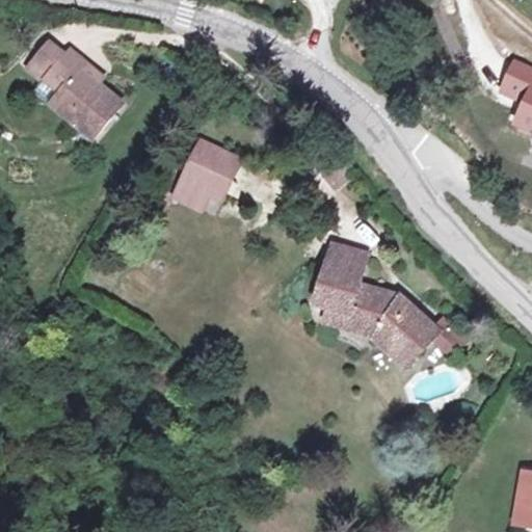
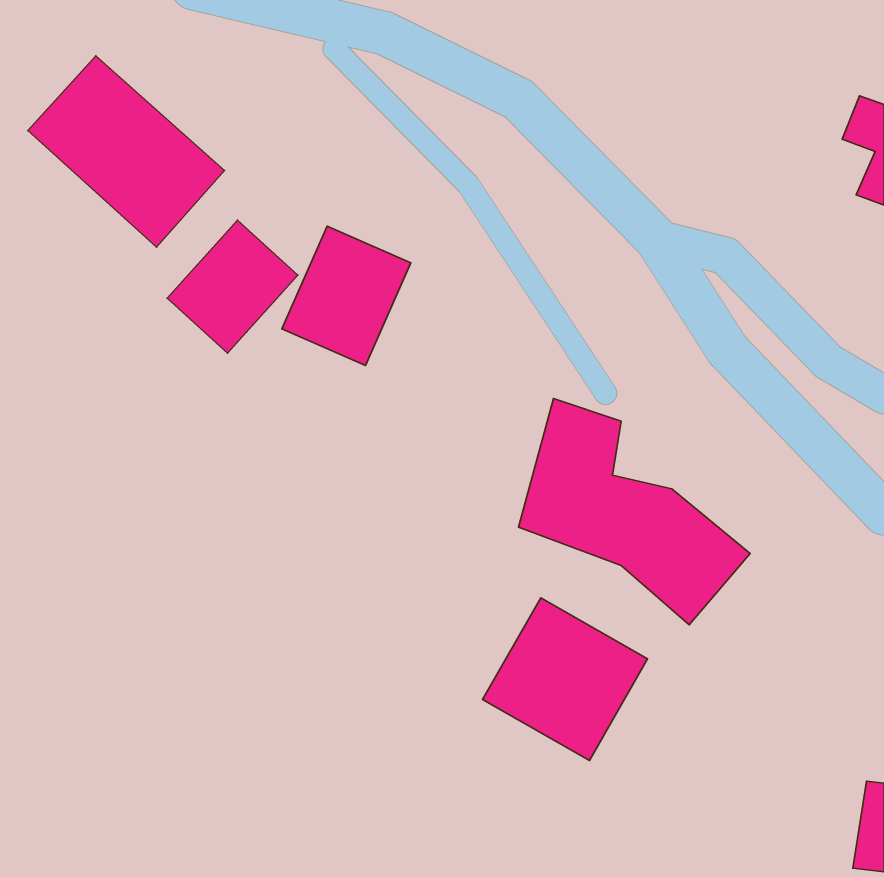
building: none -> [167,220,298,353]
building: none -> [483,598,648,760]

